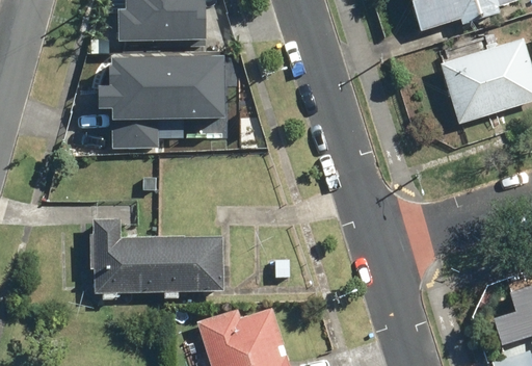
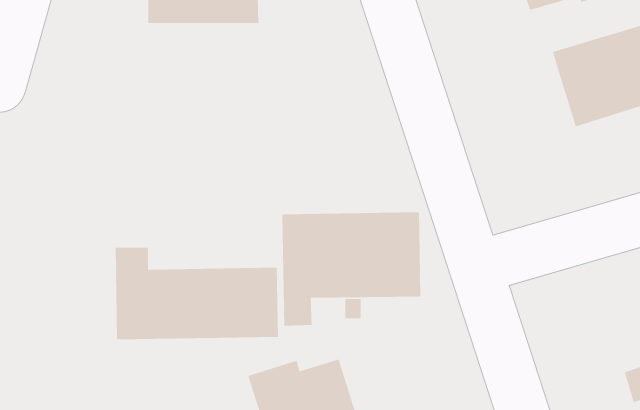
building: [99,56,228,148] -> none
building: none -> [281,212,421,327]

